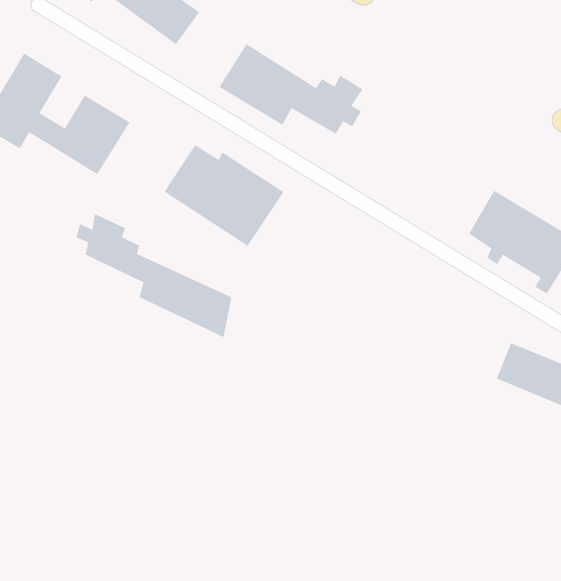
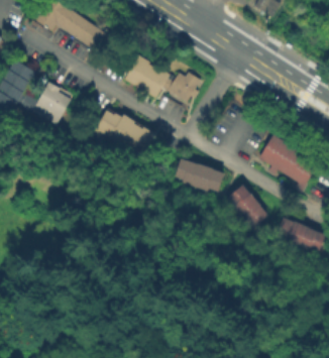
building: [75,213,232,338] -> none
building: none -> [175,158,224,193]
building: none -> [227,184,269,228]

